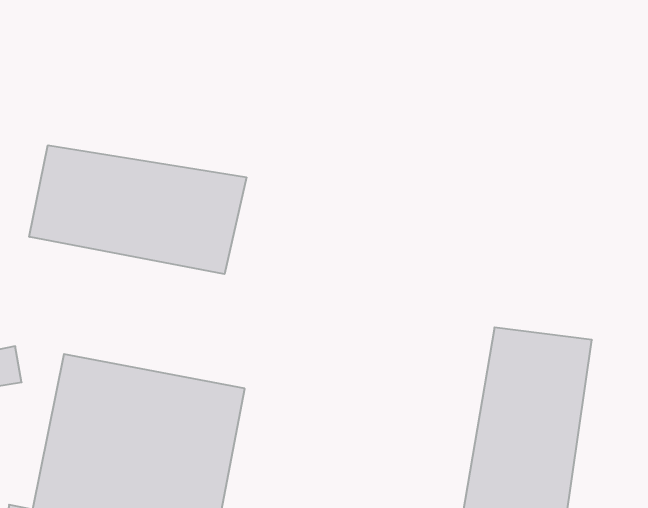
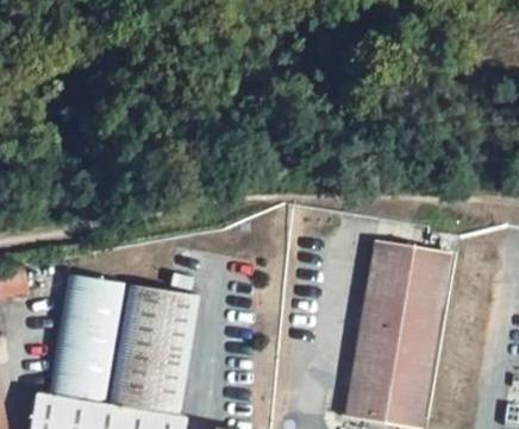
building: [29,145,246,274] -> none

